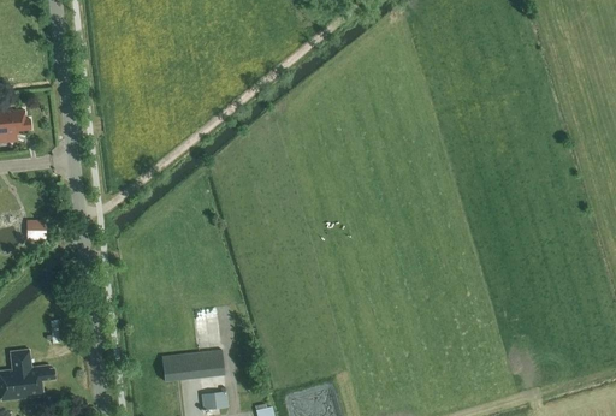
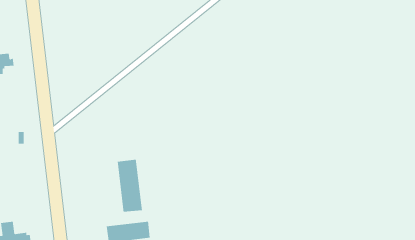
building: none -> [117,159,142,213]

